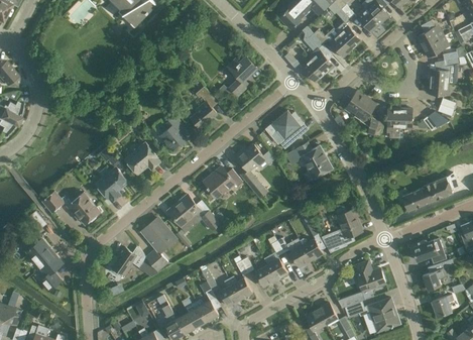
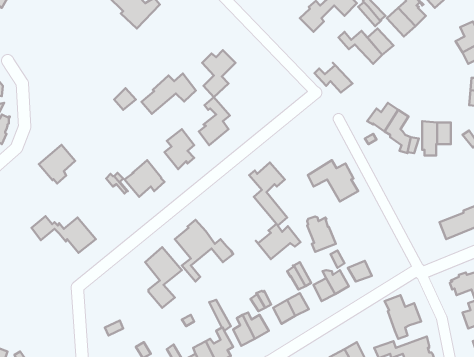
building: [306,34,335,75] -> none
building: [228,56,257,98] -> [202,50,236,97]
building: none -> [141,73,196,114]
building: [265,110,306,149] -> none
building: [204,166,243,198] -> [256,224,301,259]
building: [96,167,128,202] -> [39,145,75,184]
building: [337,208,362,239] -> [307,216,336,252]
building: [27,240,63,294] -> none
building: [105,246,146,278] -> none

